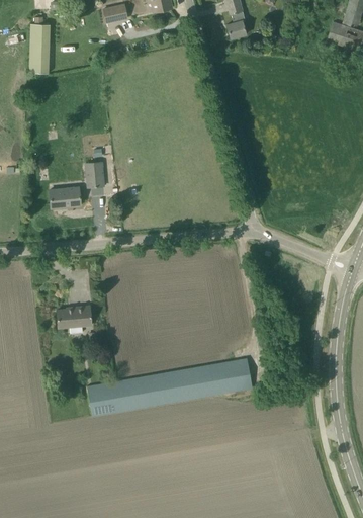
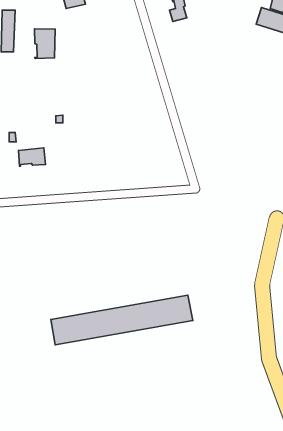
building: none -> [34,29,55,58]
building: [86,162,104,187] -> none
building: [57,306,92,333] -> none

